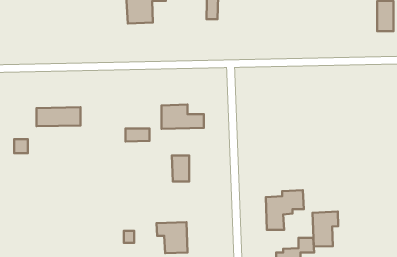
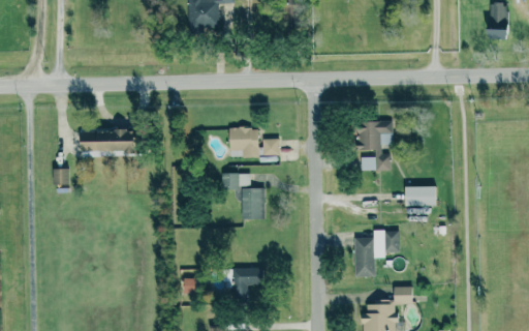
building: none -> [355,120,393,171]
building: [125,129,149,142] -> [222,173,251,188]
building: none -> [404,186,436,206]
building: [312,212,338,247] -> none

